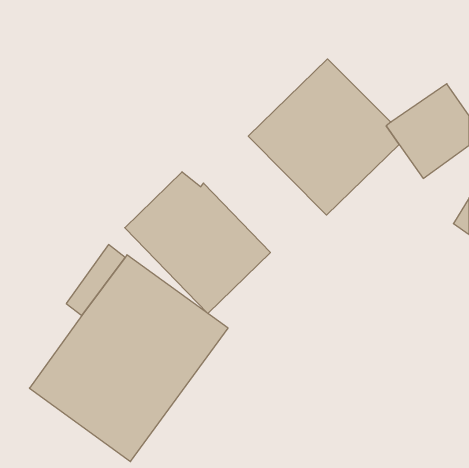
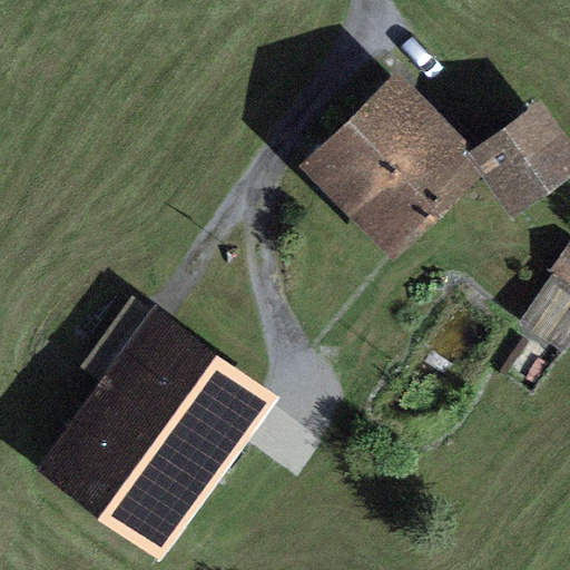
building: [125,172,270,314] -> none

